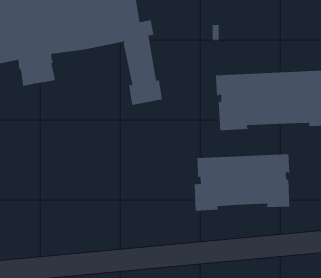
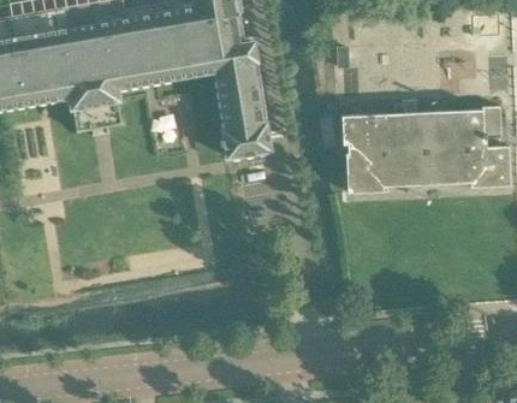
building: [194,153,290,212] -> none

